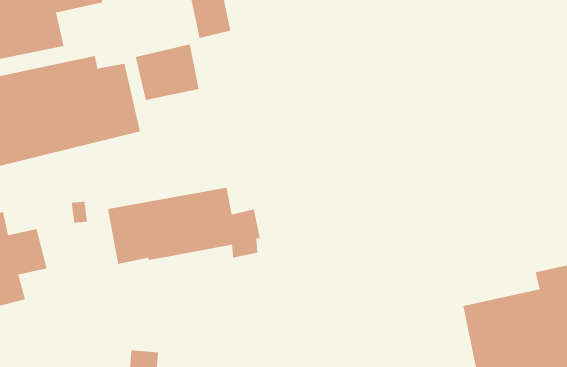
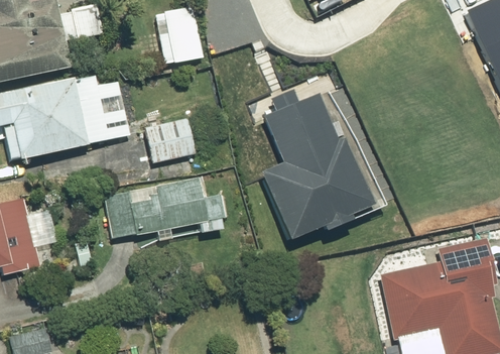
building: [135,44,200,101] -> [144,121,195,165]
building: none -> [261,97,374,245]

